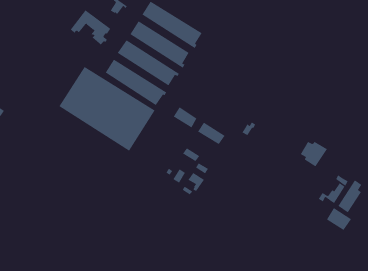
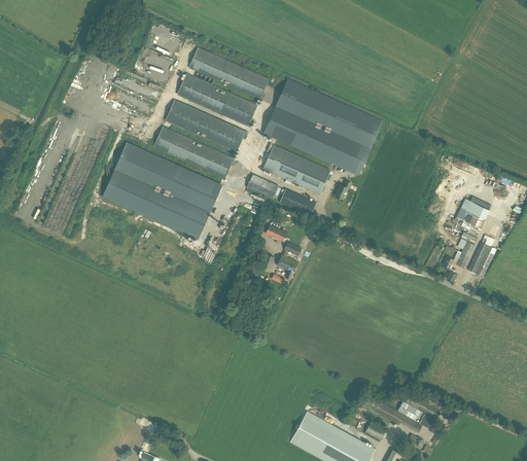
building: none -> [261,78,381,173]
building: none -> [262,145,330,193]
building: [300,141,328,167] -> [454,197,488,228]
building: [326,207,352,231] -> none

